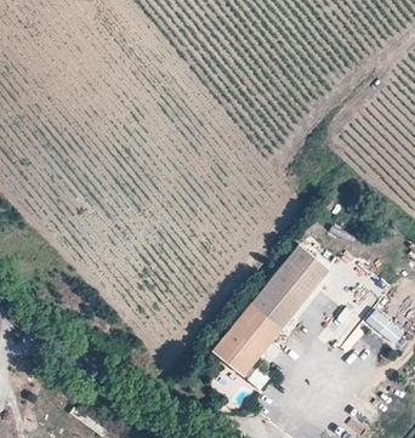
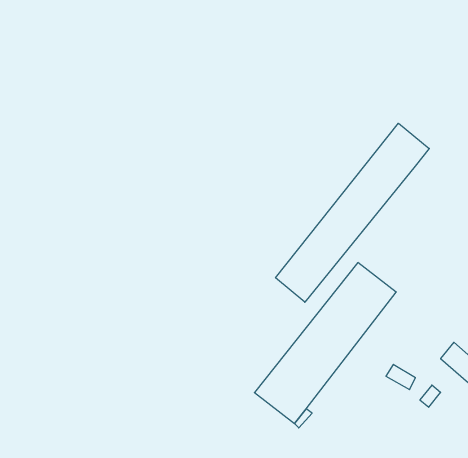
building: none -> [276,123,429,302]

